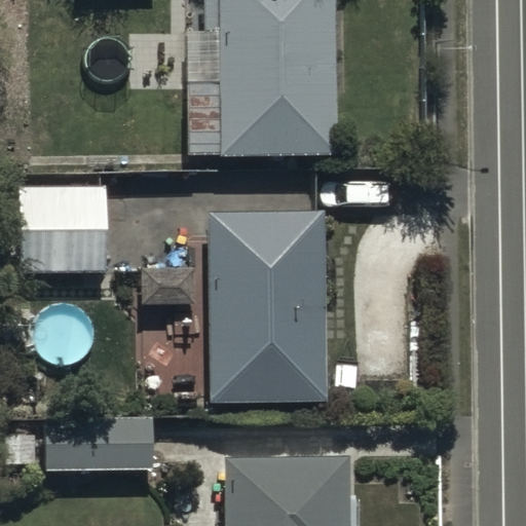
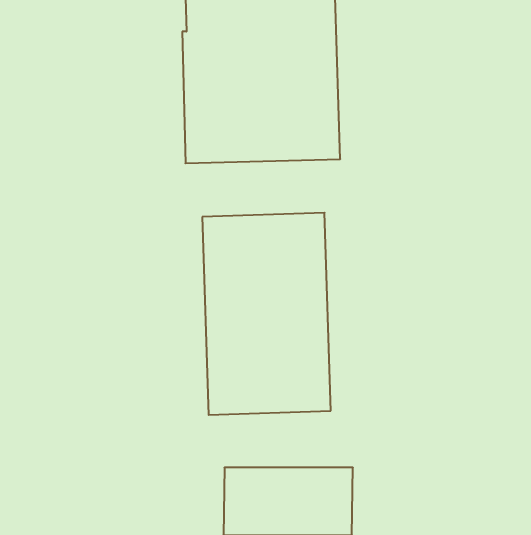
building: [18,186,108,272] -> none
building: [45,415,157,472] -> none

